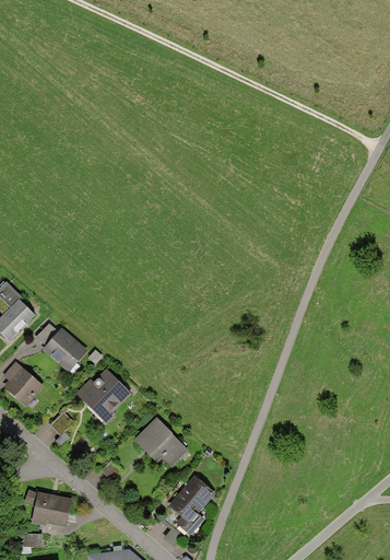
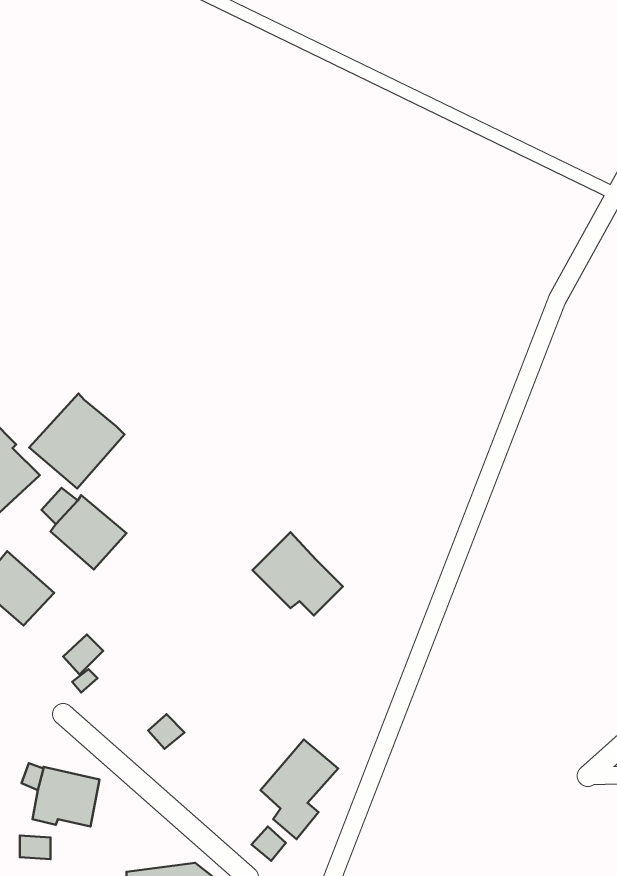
building: none -> [29,393,124,488]
building: [75,369,130,423] -> none
building: [133,417,188,467] -> [252,532,343,616]

